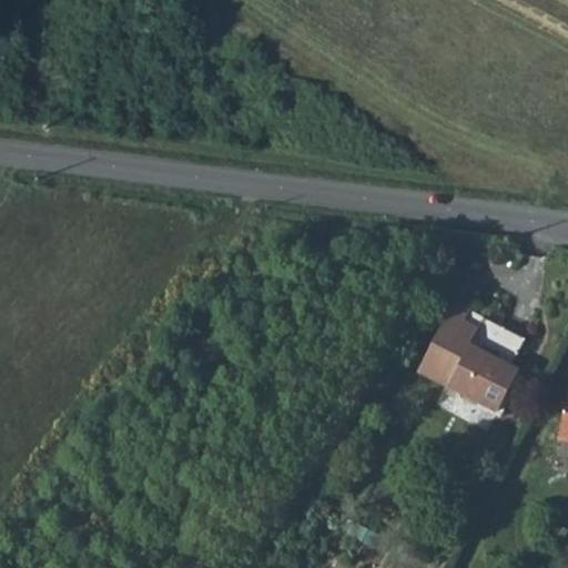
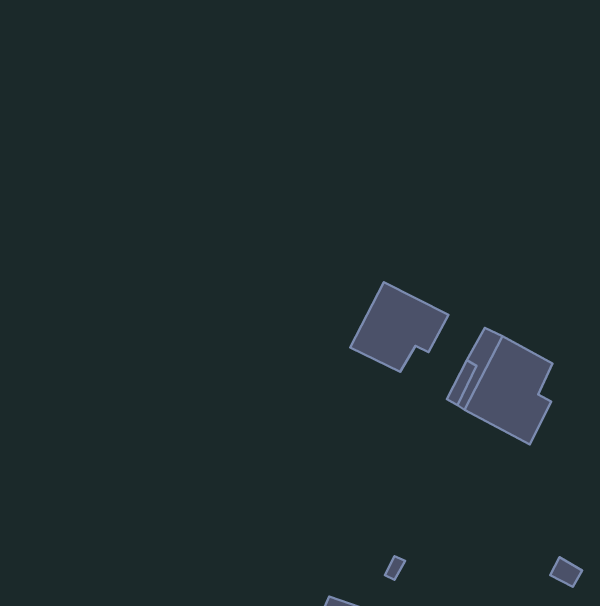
building: none -> [350,282,448,372]

